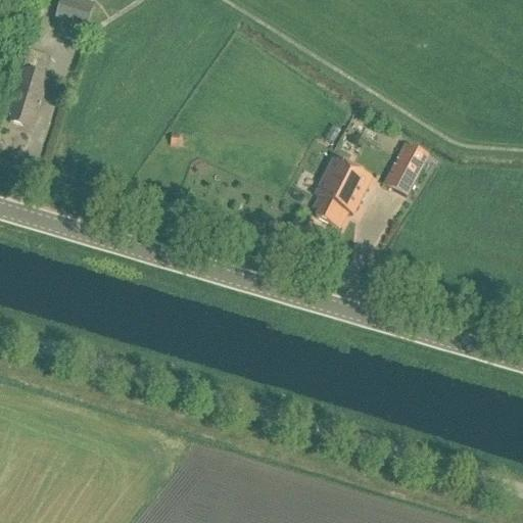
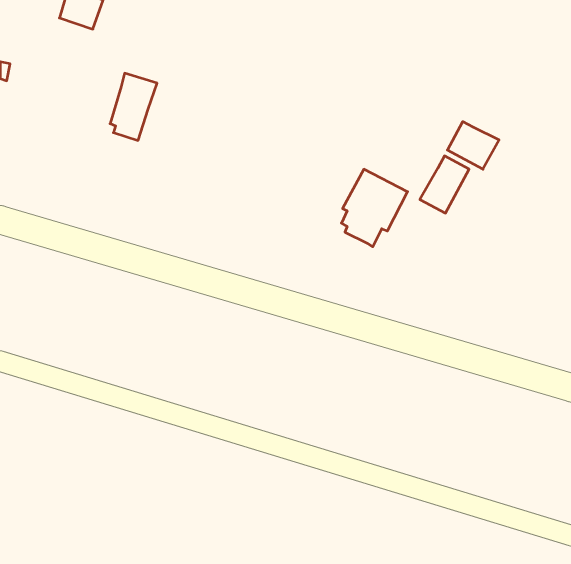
building: [6,63,49,125] -> [110,73,157,140]
building: none -> [447,122,499,169]

